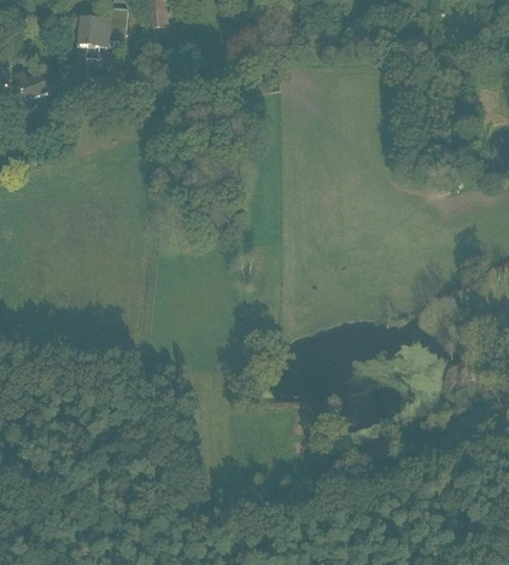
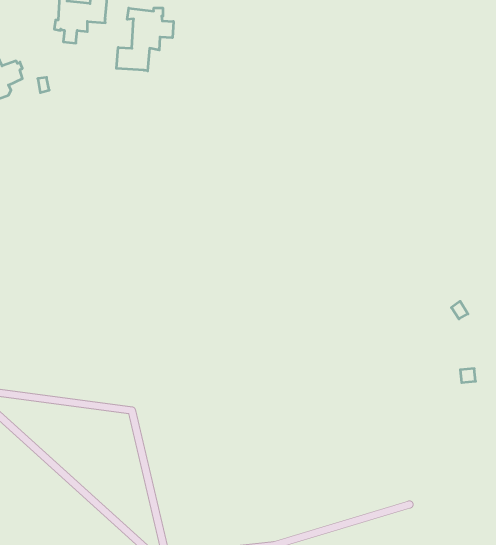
building: none -> [116,8,173,71]

